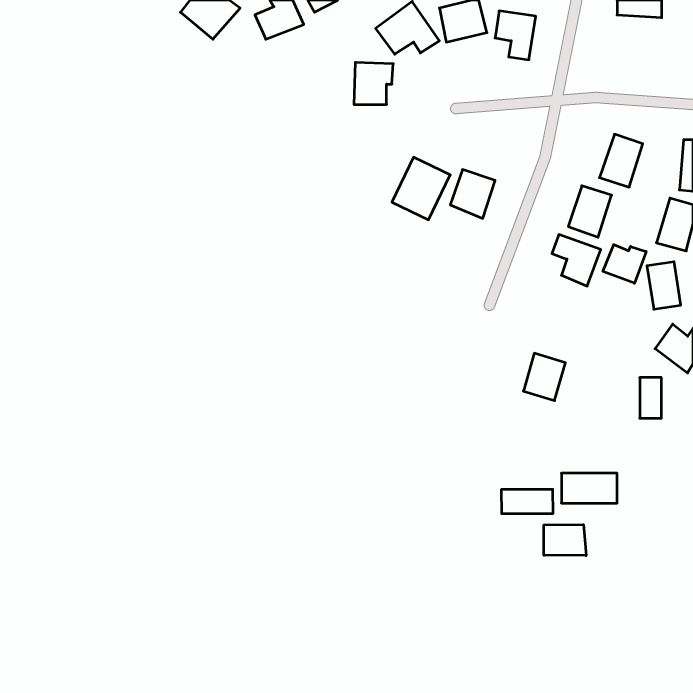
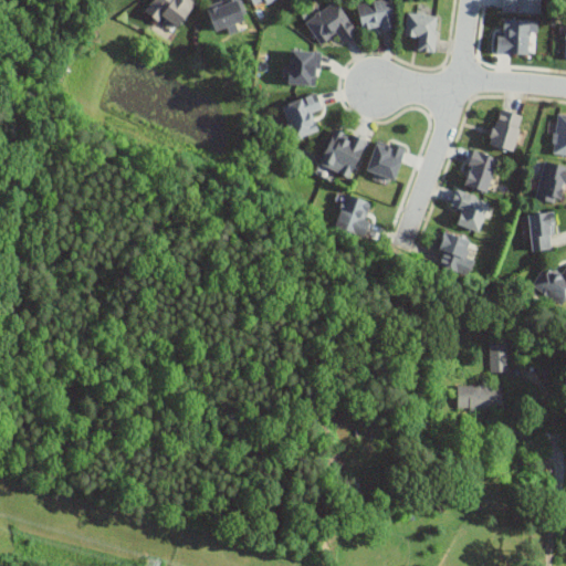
building: none -> [500,21,537,54]
building: none -> [282,94,322,140]
building: none -> [335,196,373,237]
building: [603,245,646,283] -> none
building: [523,353,565,401] -> [437,234,471,273]
building: [640,378,661,418] -> [490,339,507,373]
building: [502,489,553,514] -> none
building: [544,525,586,556] -> none

